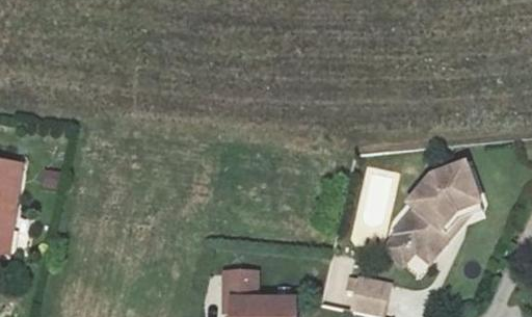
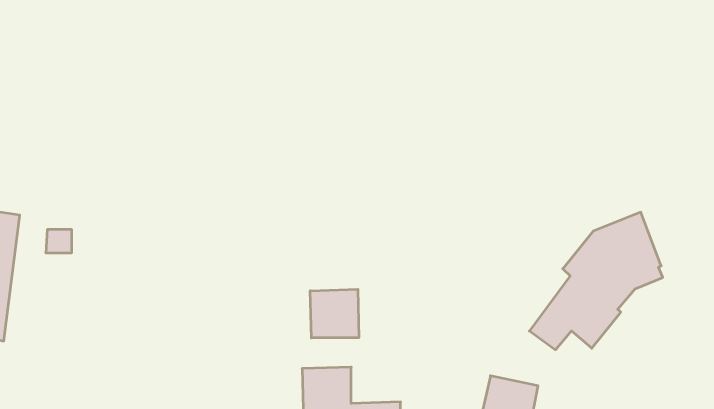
building: none -> [310,289,359,338]

